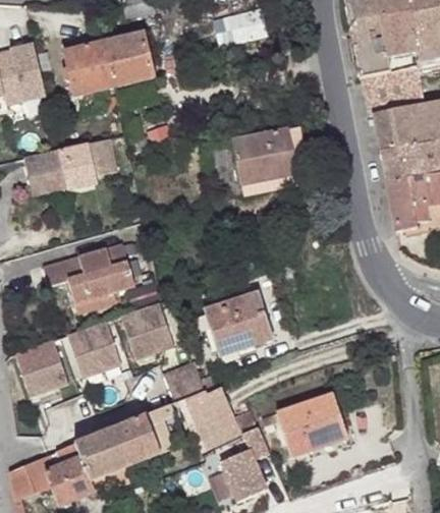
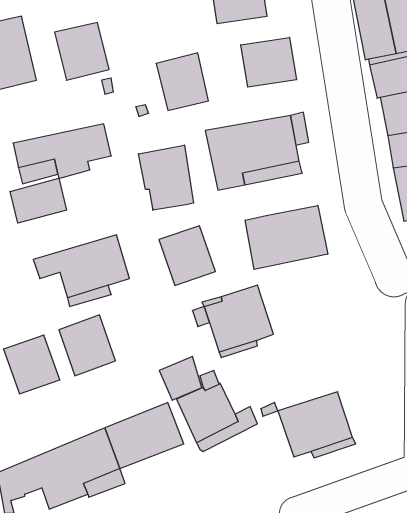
building: [104,31,154,86] -> [156,53,208,110]
building: none -> [241,37,296,87]
building: none -> [138,145,193,210]
building: none -> [10,178,67,223]
building: none -> [245,205,328,269]
building: [120,301,174,358] -> [159,226,215,286]
building: [213,446,266,502] -> none

